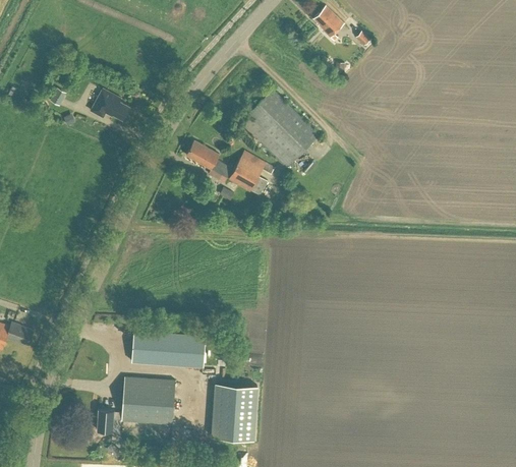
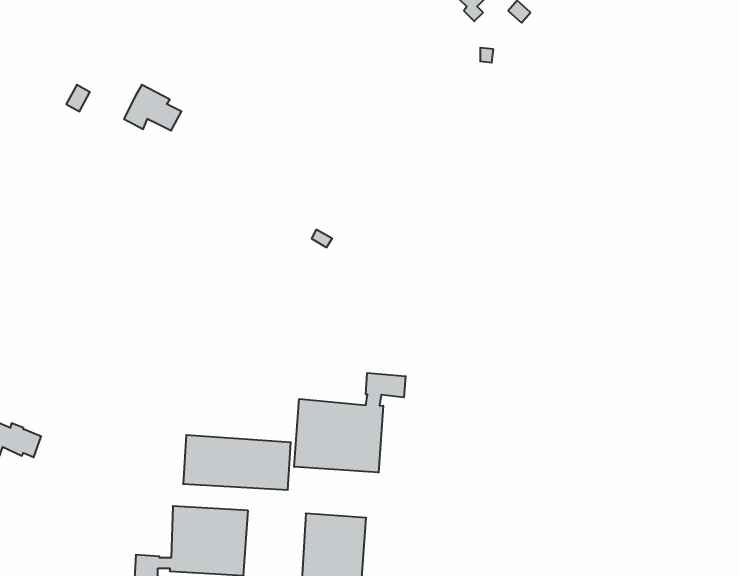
building: [239,89,320,169] -> none
building: [186,141,275,195] -> none
building: none -> [294,373,405,473]

